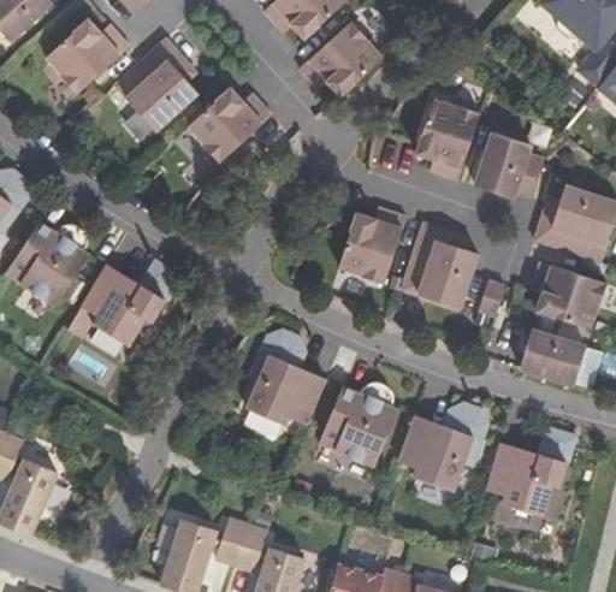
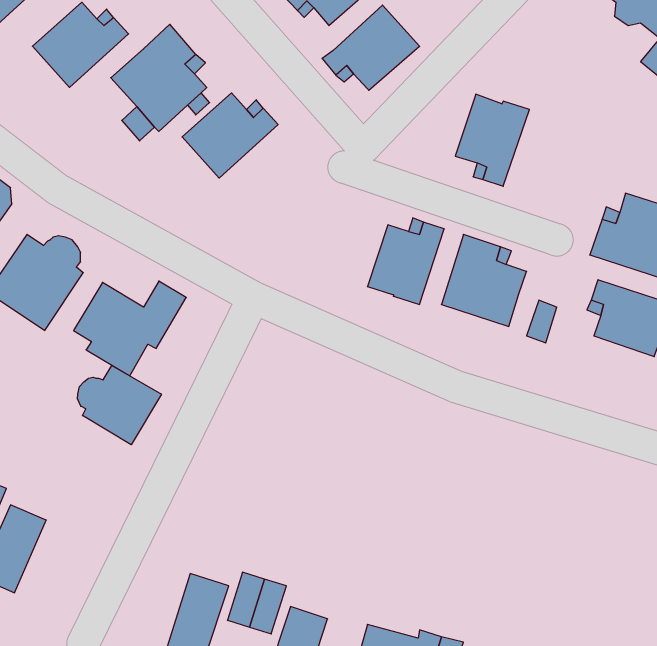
building: [475,131,544,197] -> none
building: [520,330,586,384] -> none
building: [244,331,325,425] -> none
building: none -> [78,365,161,445]
building: [318,383,397,467] -> none
building: [398,404,486,491] -> none
building: [486,428,574,515] -> none

